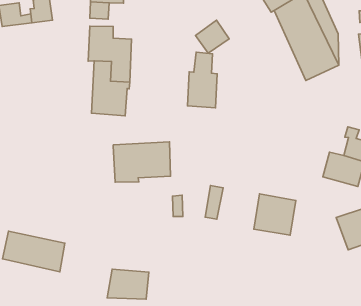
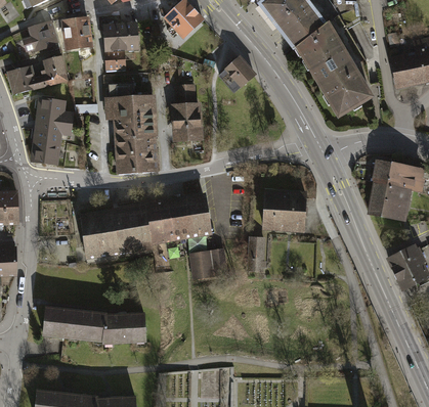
building: none -> [33,97,73,164]
building: [187,52,217,108] -> [170,86,202,143]
building: none -> [372,156,390,189]
building: none -> [80,205,151,255]
building: [254,194,296,235] -> [263,189,304,229]
building: none -> [190,251,210,278]
building: [107,269,149,299] -> [102,311,143,343]

